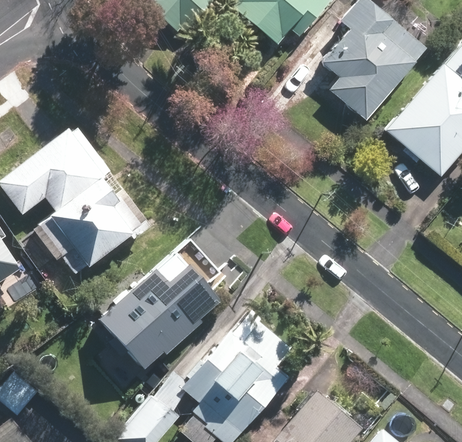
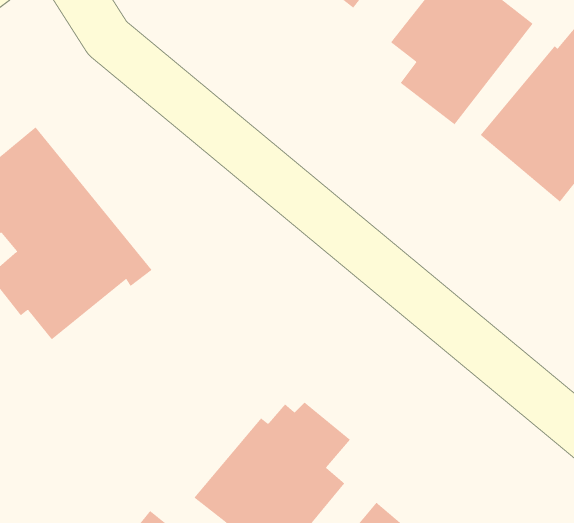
building: [91,232,229,377] -> none

